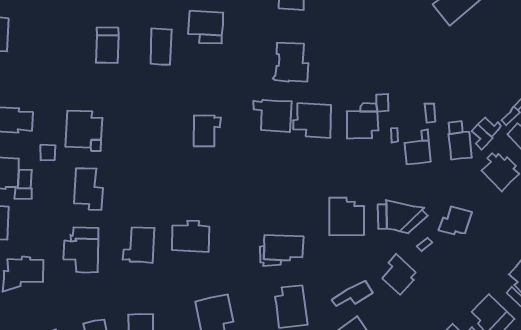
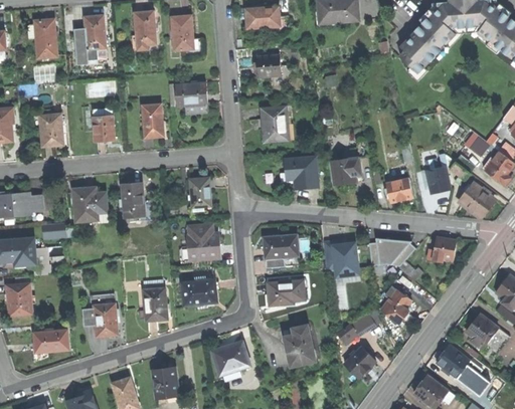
building: none -> [40,115,63,147]
building: [254,100,291,132] -> none
building: none -> [185,225,219,261]
building: [74,168,103,210] -> [124,184,152,222]
building: none -> [265,235,298,268]

